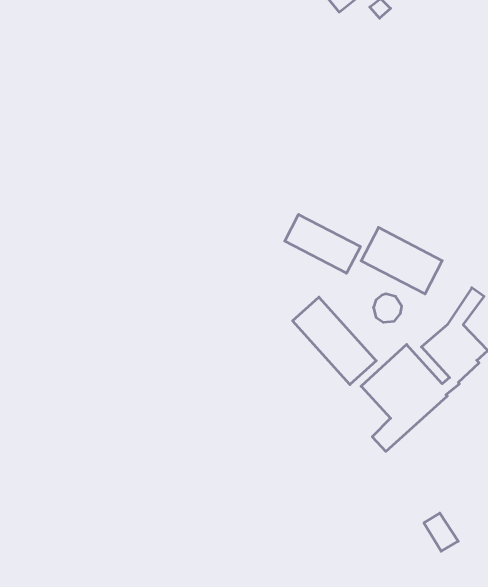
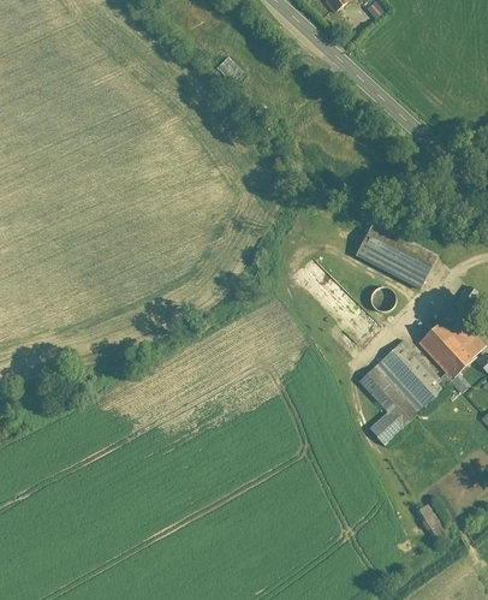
building: [285,214,360,273] -> none
building: [293,297,376,385] -> none

